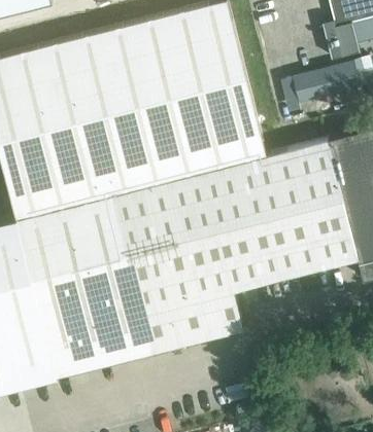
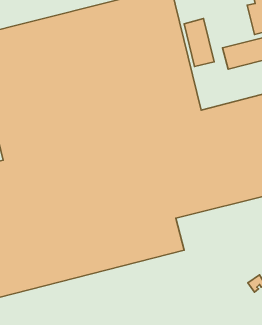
building: none -> [184,19,214,66]

